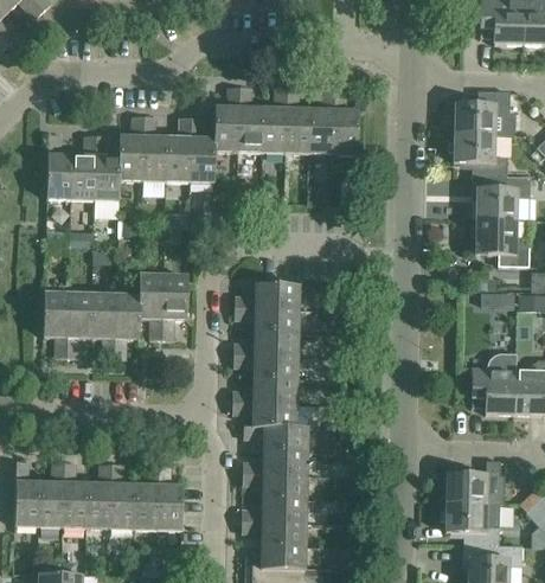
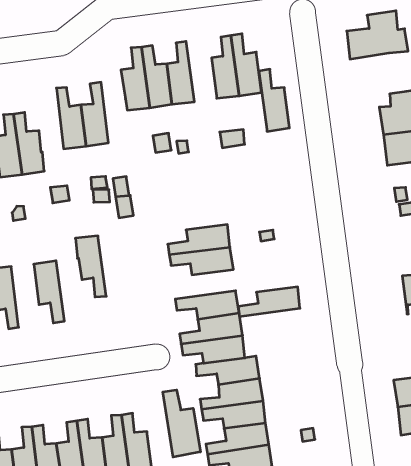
building: [286,89,310,153] -> [259,69,289,131]
building: [118,116,145,180] -> none
building: [190,117,214,182] -> none
building: [454,134,508,177] -> none
building: [162,276,188,340] -> none
building: [66,294,92,358] -> none
building: [115,295,140,359] -> none
building: [233,332,299,355] -> [238,287,300,317]
building: none -> [163,390,200,457]

